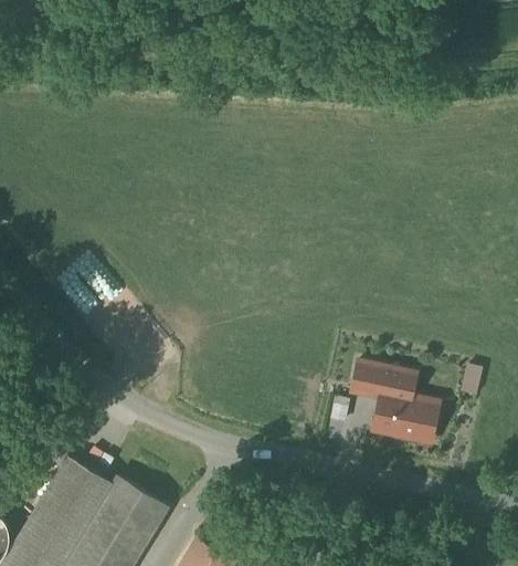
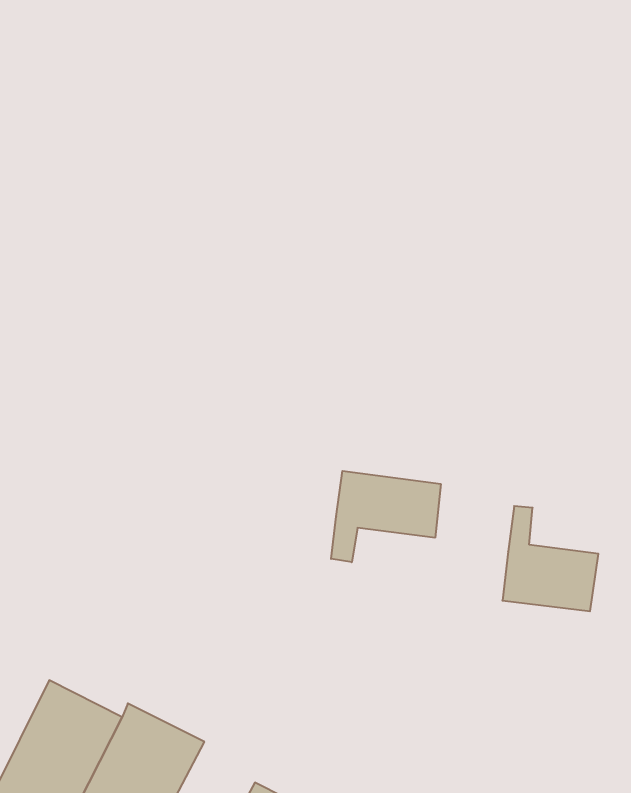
building: none -> [331,471,441,562]
building: [352,363,387,398] -> none

